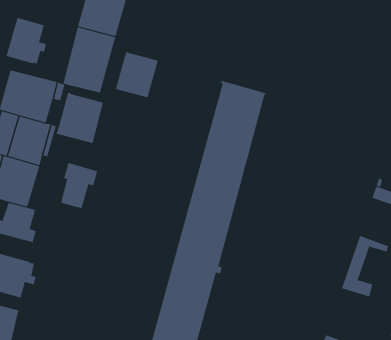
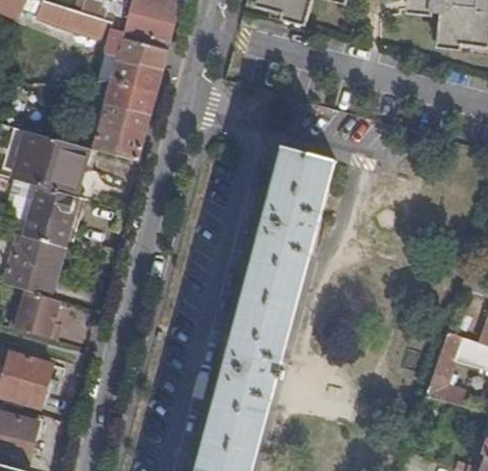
building: [6,17,47,64] -> none
building: [115,52,158,98] -> none
building: [56,92,104,144] -> none
building: [61,162,98,209] -> none

